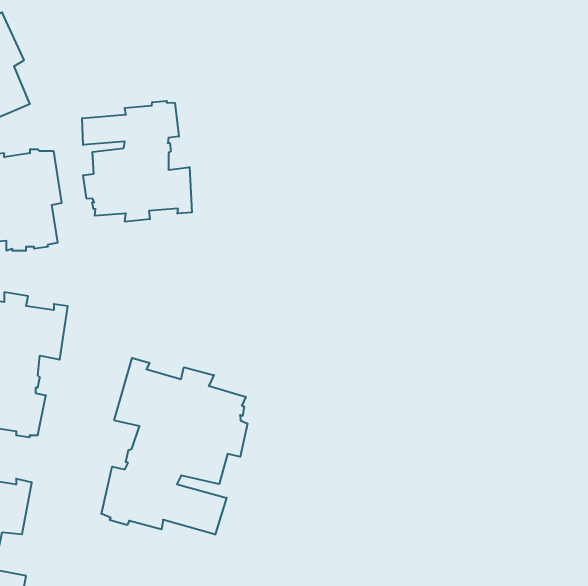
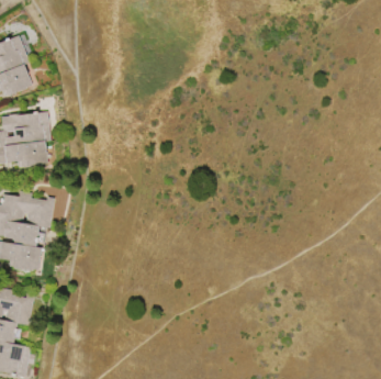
building: [82,101,192,222] -> none
building: [101,358,247,535] -> none

